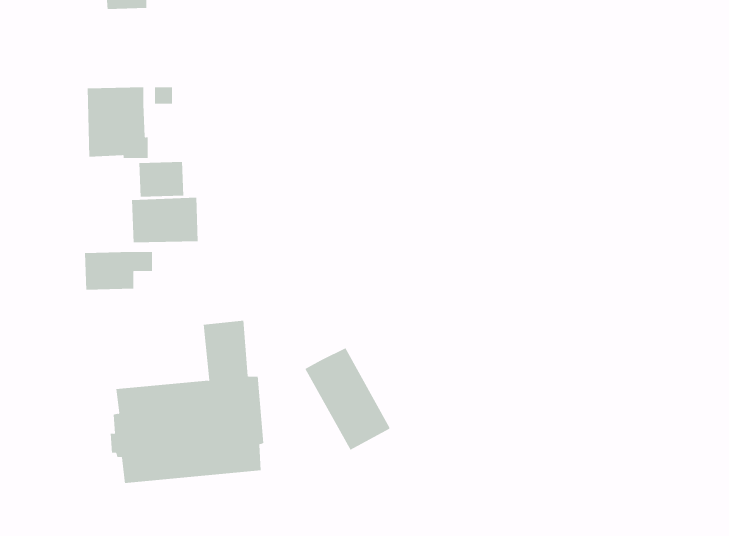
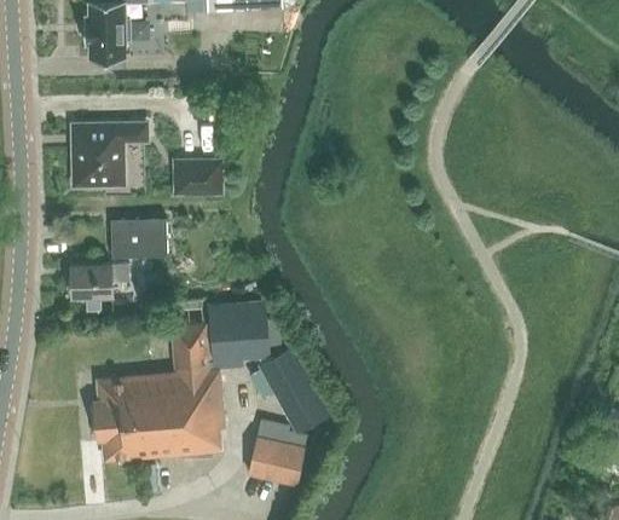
building: [138,161,184,197] -> [177,163,215,193]
building: none -> [209,300,272,360]
building: none -> [242,428,289,473]

